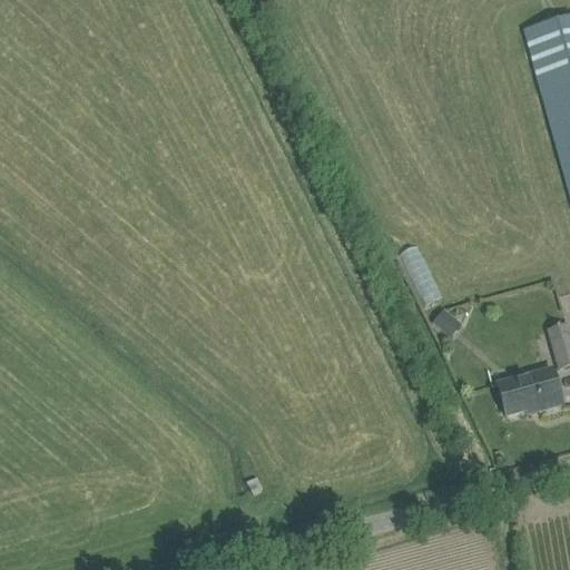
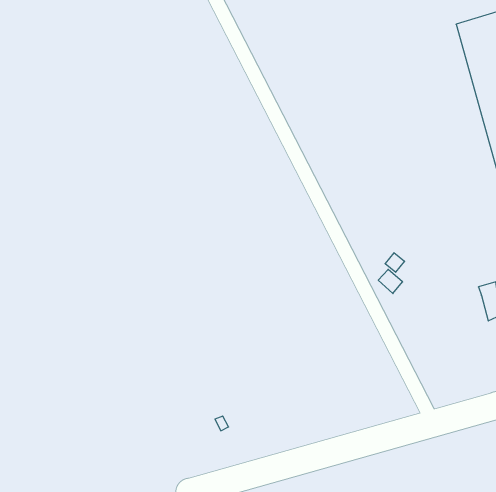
building: [498,367,563,414] -> none

